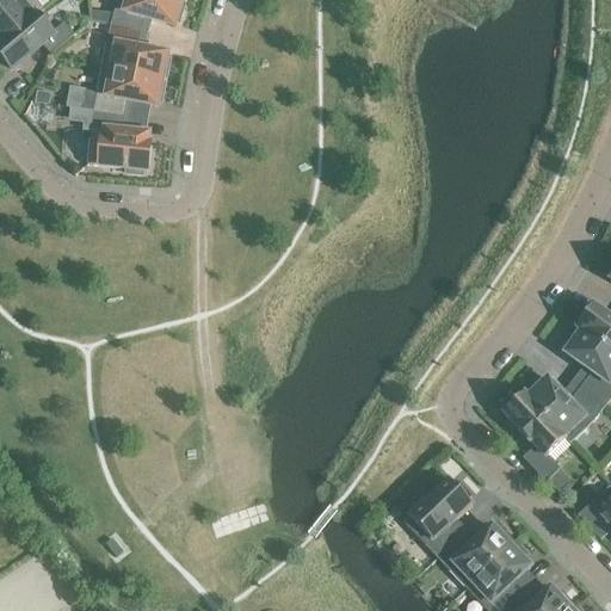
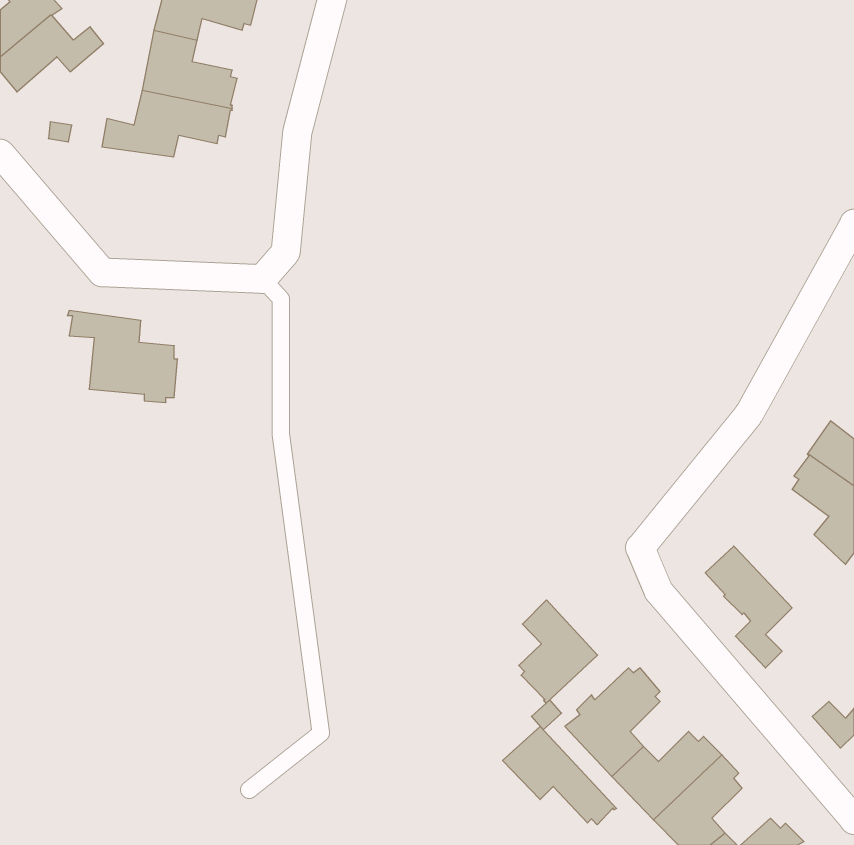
building: [72,105,150,171] -> [67,311,178,402]
building: [525,376,604,440] -> none
building: none -> [519,600,598,703]
building: none -> [503,726,617,825]

